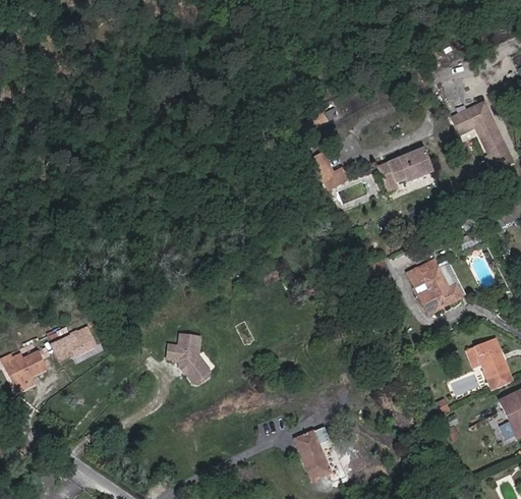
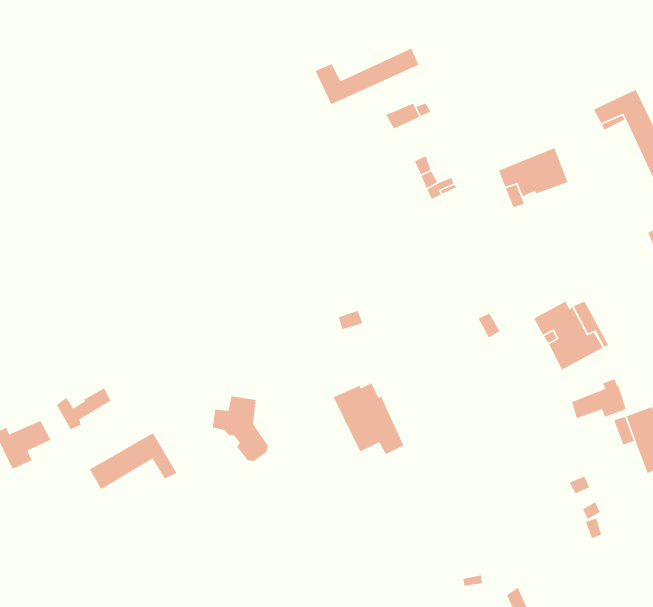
building: none -> [315,47,419,105]
building: none -> [571,378,627,419]
building: none -> [89,432,178,490]
building: [292,426,346,481] -> [333,382,404,455]

